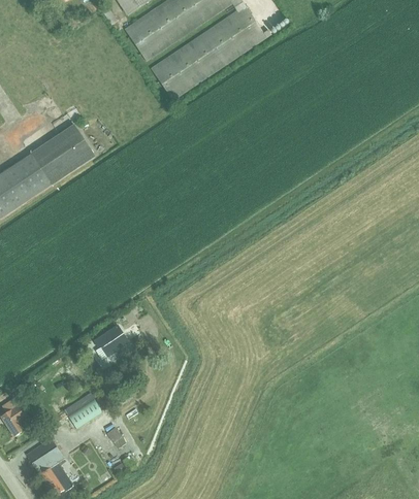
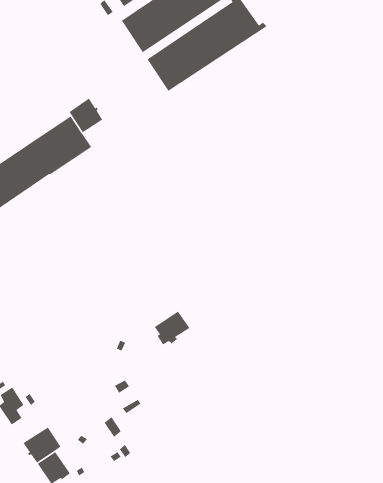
building: none -> [68,98,103,133]
building: [92,323,129,358] -> [154,311,191,345]
building: [65,399,102,432] -> none

